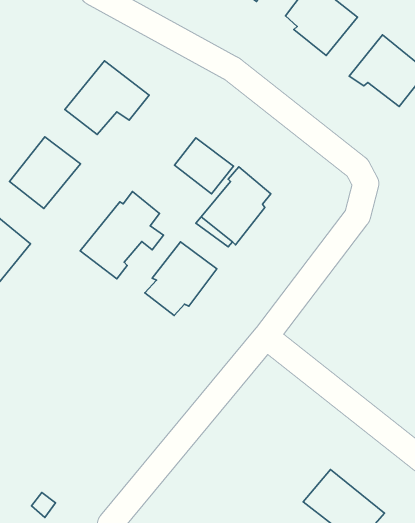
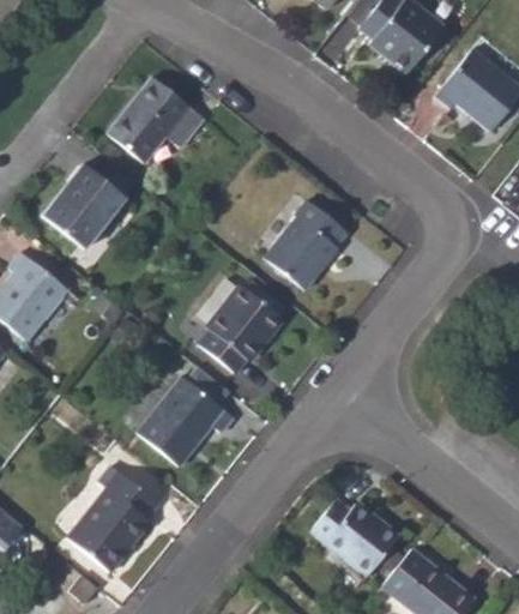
building: [175,138,234,194] -> none
building: [80,192,164,279] -> [138,363,234,464]
building: none -> [67,464,158,571]
building: none -> [310,484,398,574]

